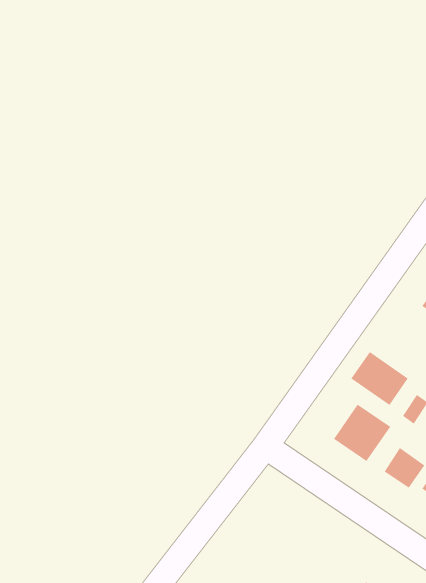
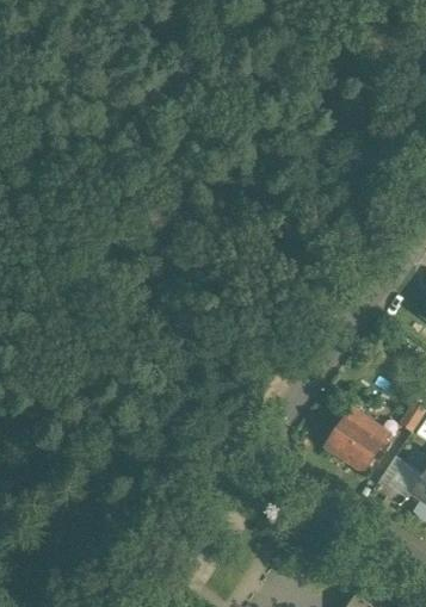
building: [351,351,408,406] -> none

